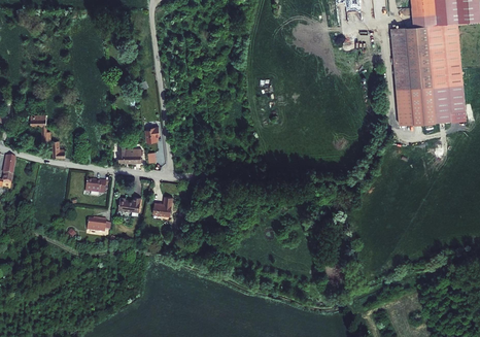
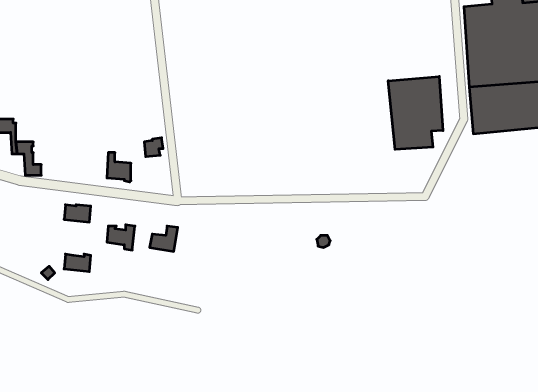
building: none -> [388,76,443,149]

